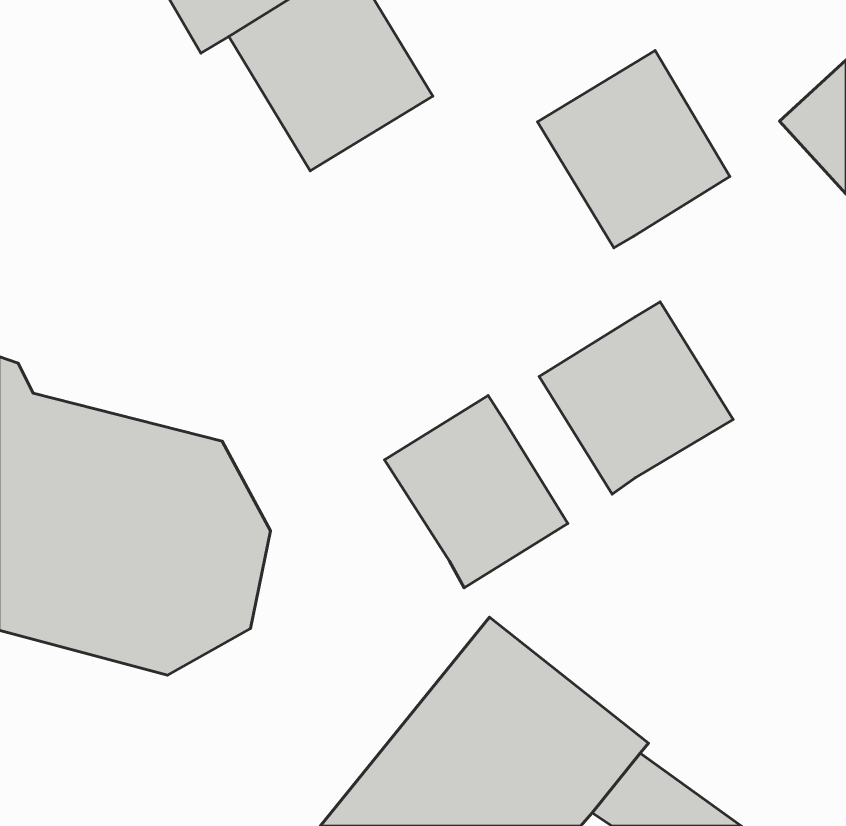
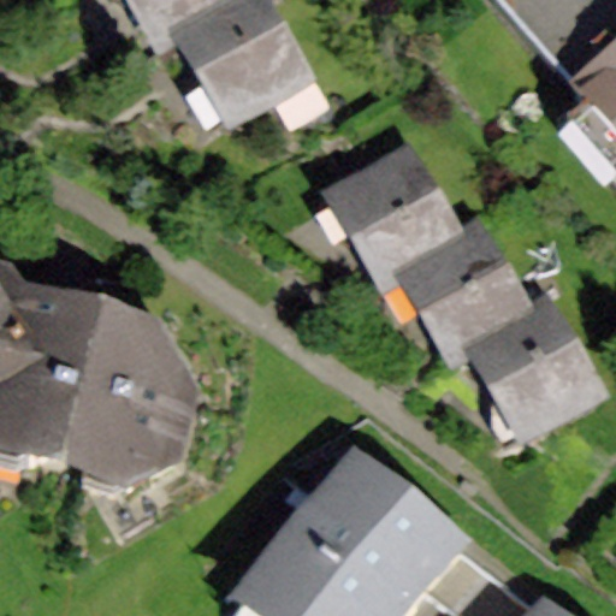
building: [537,50,730,248] -> [321,138,461,282]
building: [384,395,568,588] -> none
building: none -> [461,294,608,443]

